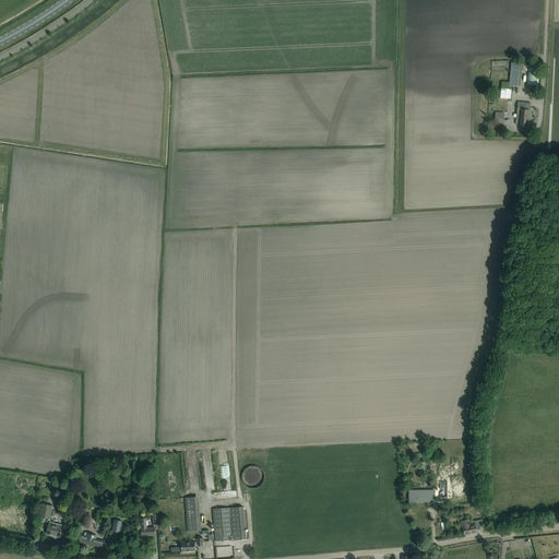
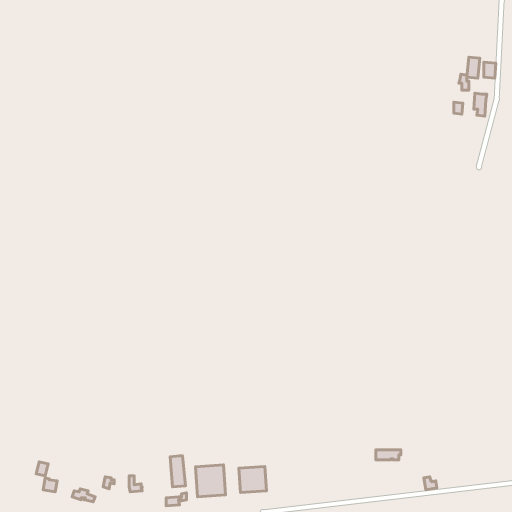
building: none -> [239,467,266,493]

